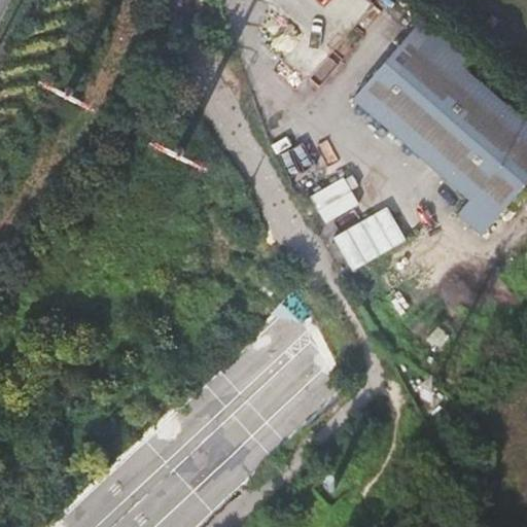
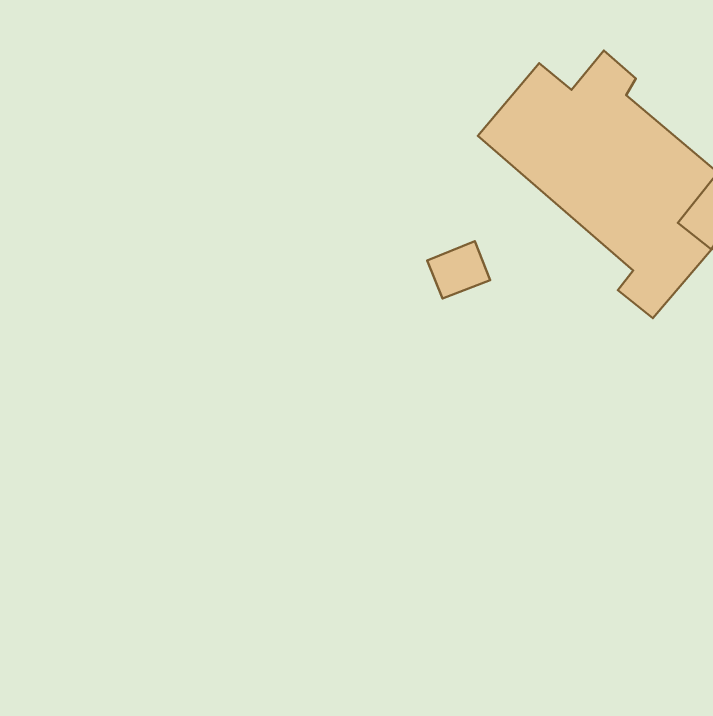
building: [398,17,446,66] -> none
building: [338,204,411,268] -> none

